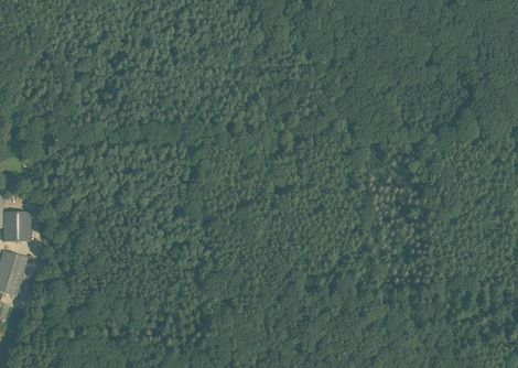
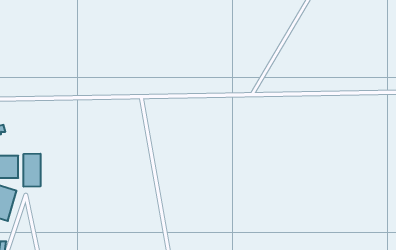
building: none -> [24,154,40,187]

